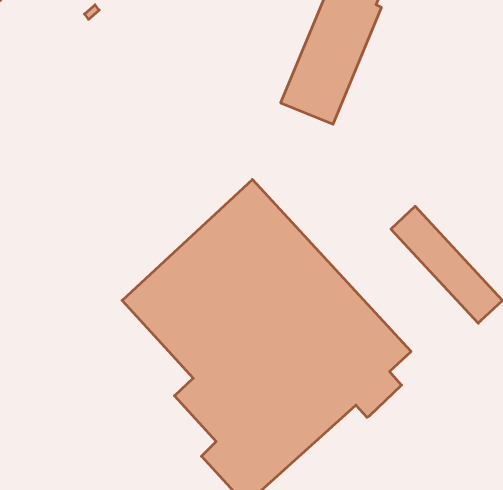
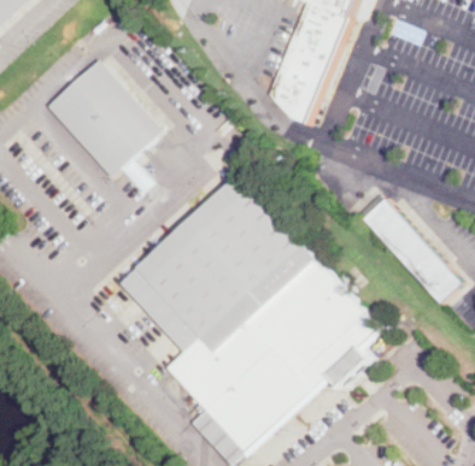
building: none -> [48,60,163,177]

